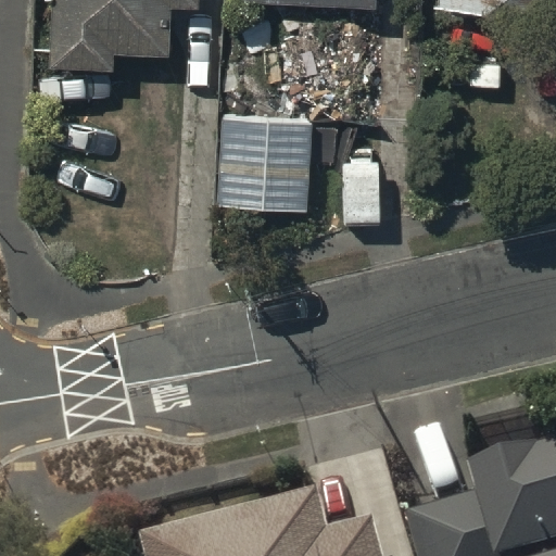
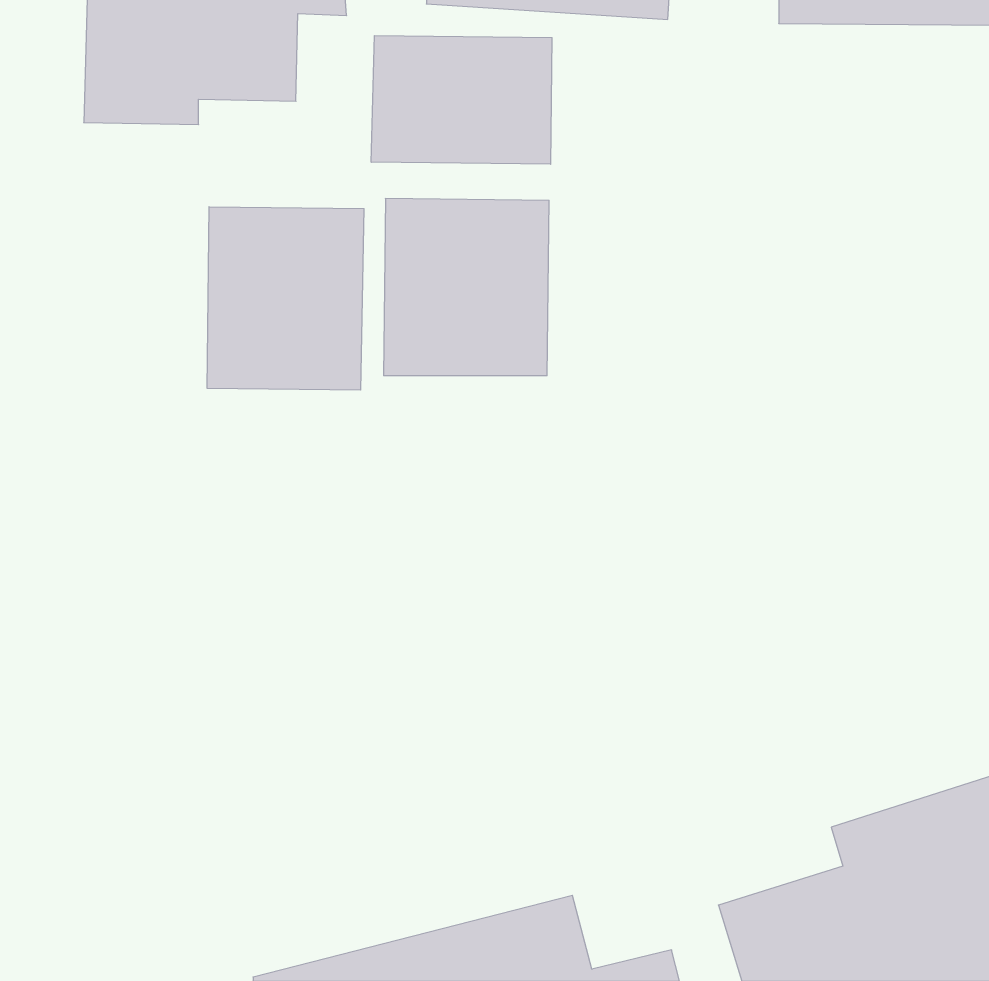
building: none -> [371,36,552,164]
building: none -> [207,207,364,390]

